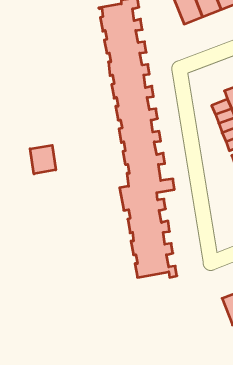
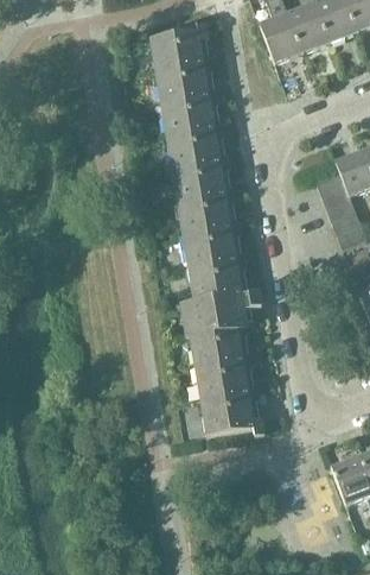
building: [30,145,56,174] -> none

